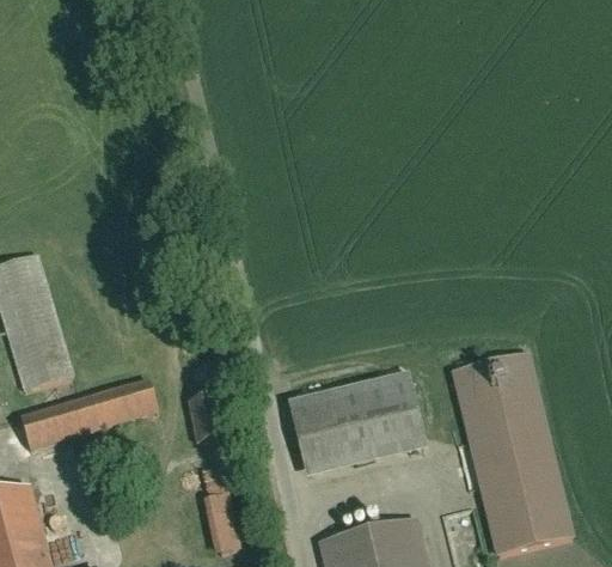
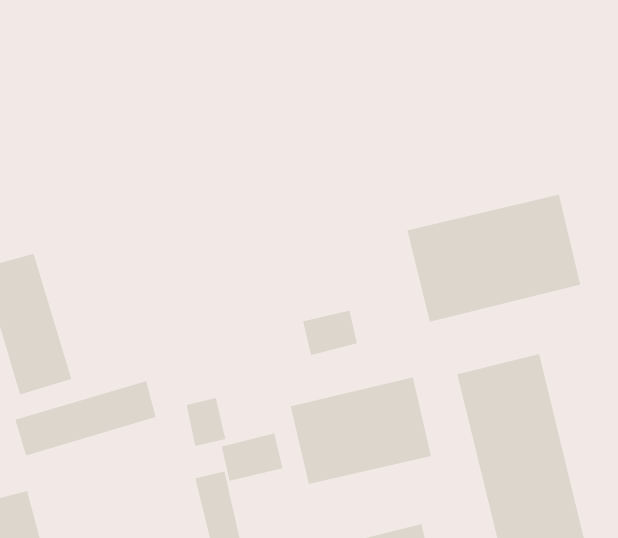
building: none -> [407,194,581,323]
building: none -> [303,310,358,356]
building: none -> [221,433,283,481]

